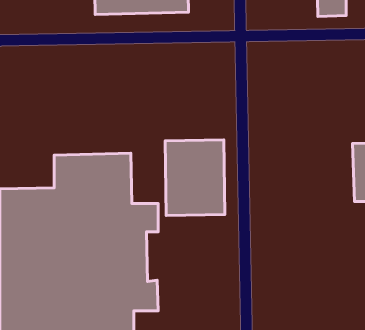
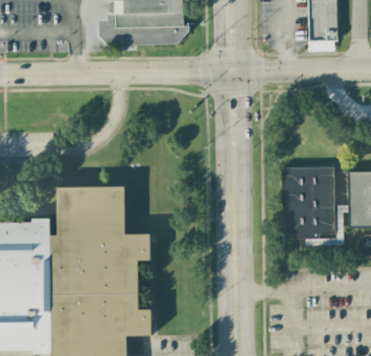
building: [165,140,225,216] -> [280,165,337,238]

